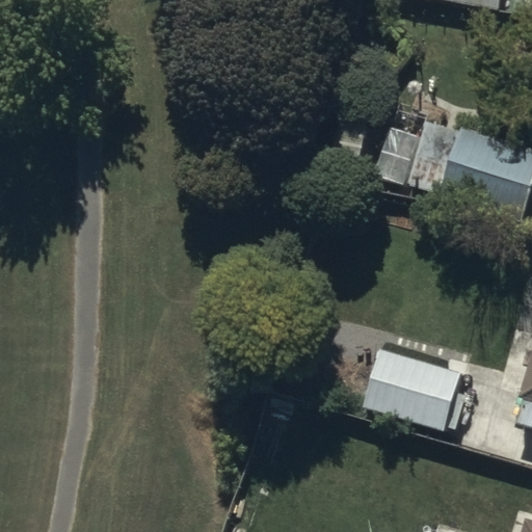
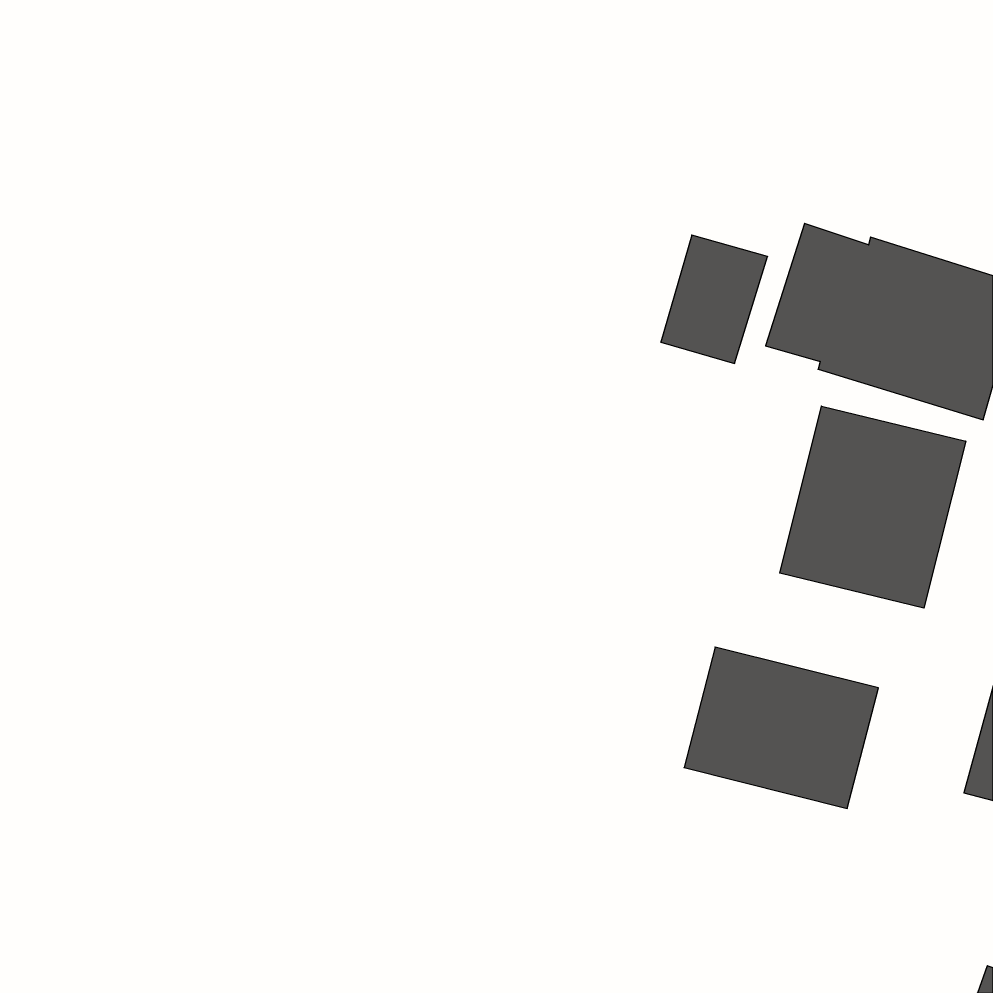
building: none -> [780,406,966,608]

